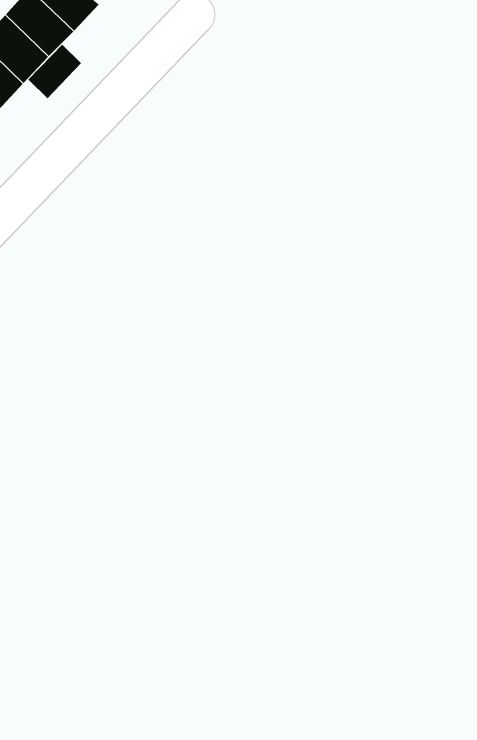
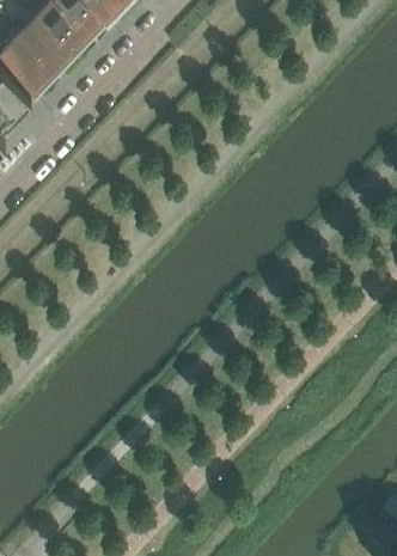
building: [28,44,82,99] -> none

